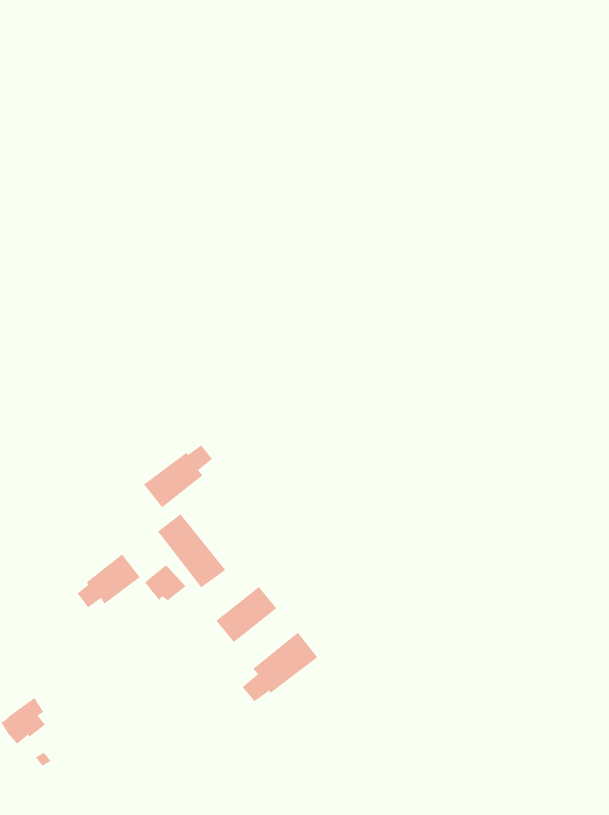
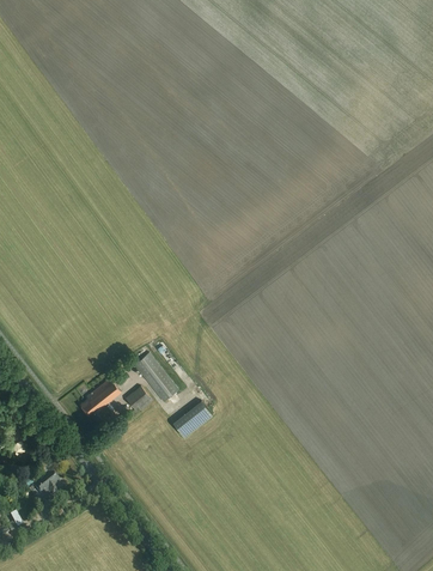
building: [143,444,213,508] -> none
building: [242,632,318,702] -> none

